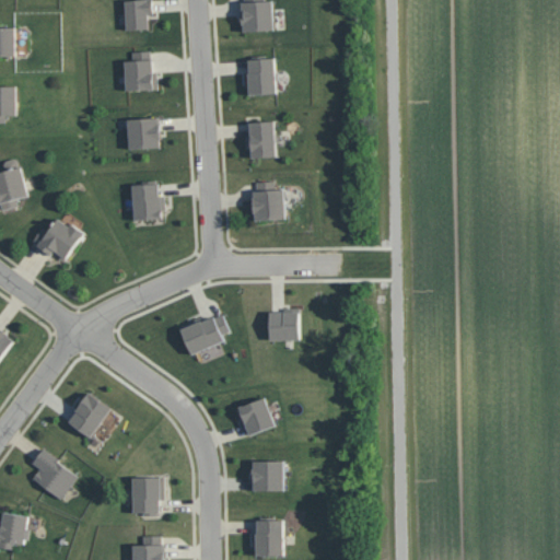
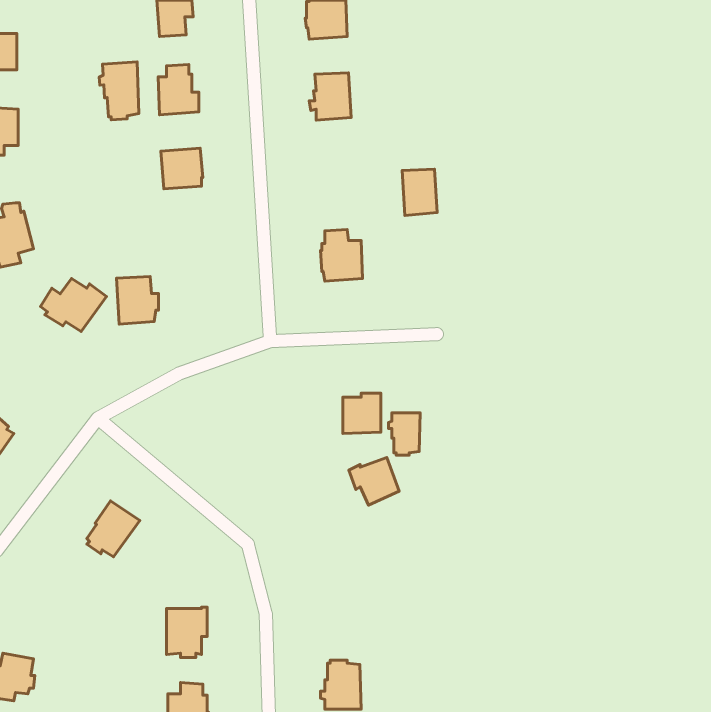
building: none -> [99,62,139,120]
building: [247,122,275,159] -> [402,169,437,215]
building: [130,185,163,222] -> [116,277,158,324]
building: [178,315,228,355] -> none
building: none -> [388,413,420,455]
building: [233,399,272,436] -> [349,457,399,505]
building: [31,450,75,500] -> none
building: [249,462,282,492] -> none

